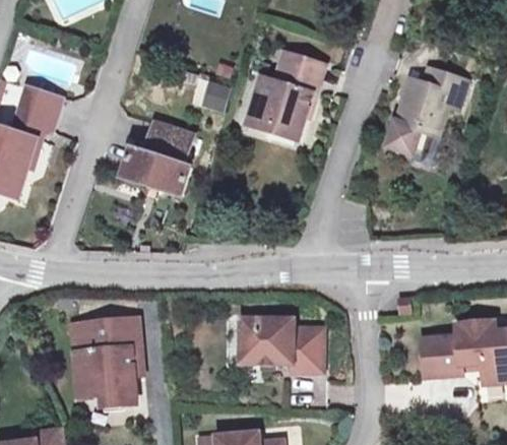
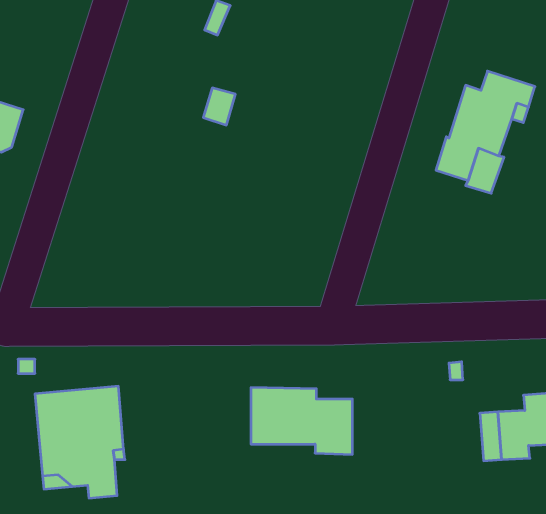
building: [248,53,316,133] -> none
building: [124,123,192,194] -> none

